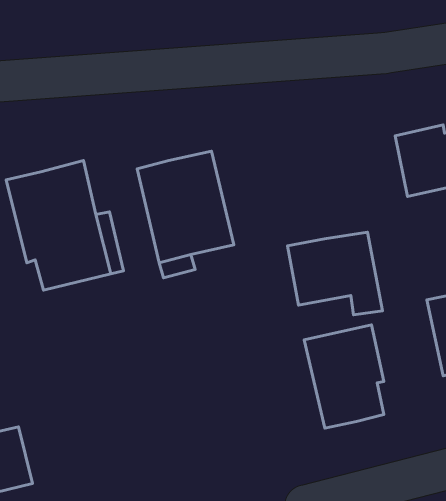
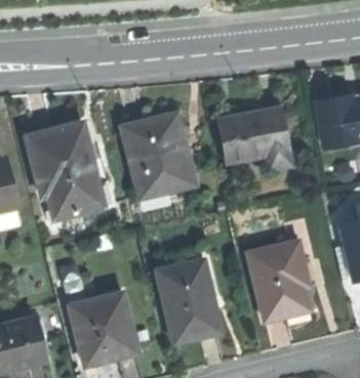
building: [287,232,383,315] -> [218,108,289,169]
building: none -> [159,259,221,341]
building: none -> [70,291,137,365]

